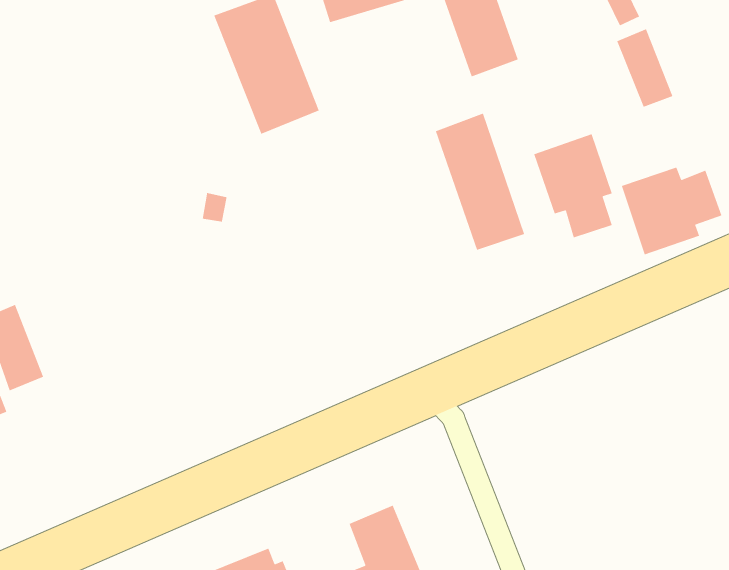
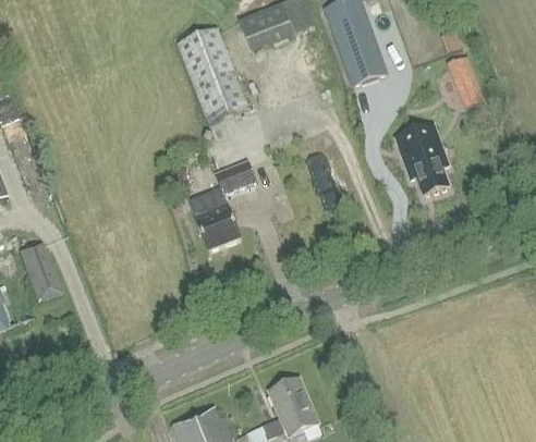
building: [435,113,525,251] -> none
building: [621,166,723,255] -> none
building: none -> [188,161,255,249]

